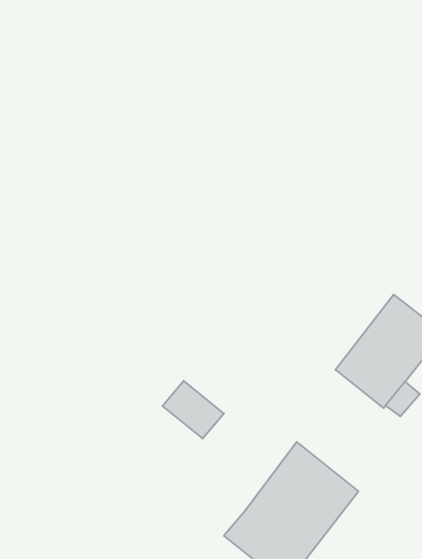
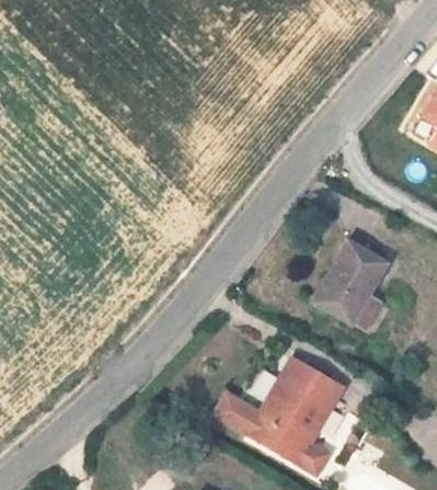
building: [162,381,224,439] -> [215,394,261,434]

